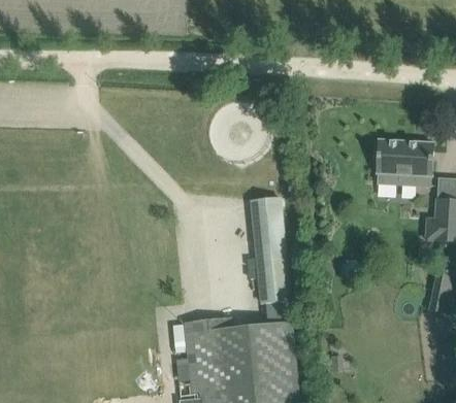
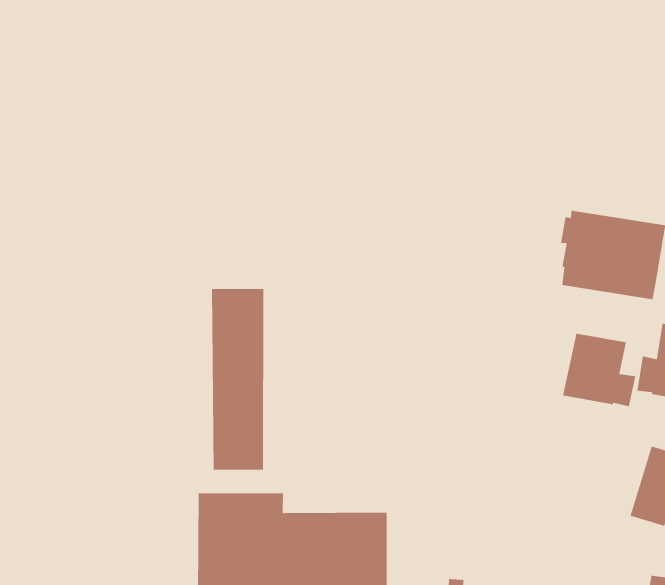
building: [249,197,289,303] -> [211,288,264,470]
building: none -> [562,333,636,407]

